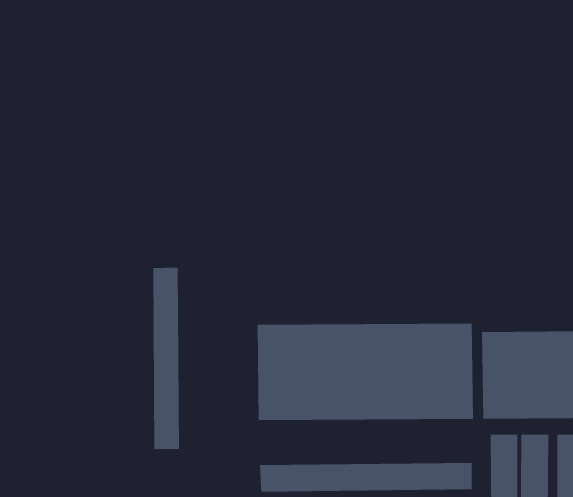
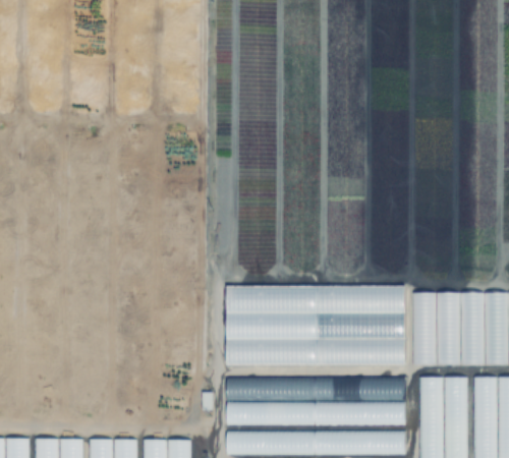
building: [153,267,179,450] -> none
building: none -> [228,378,405,400]

